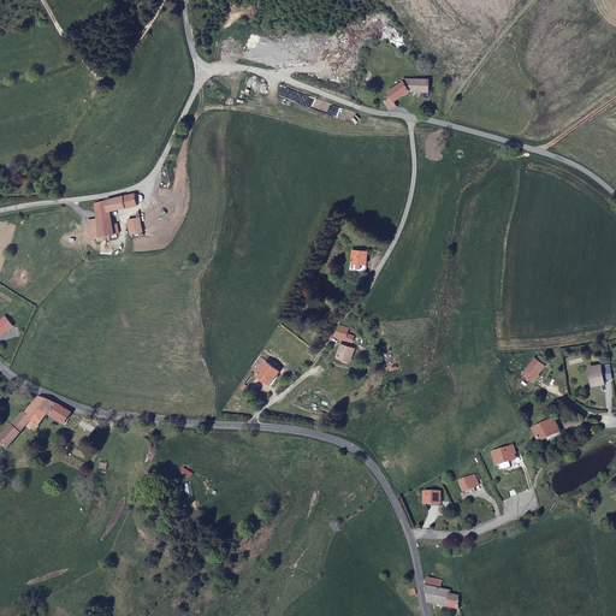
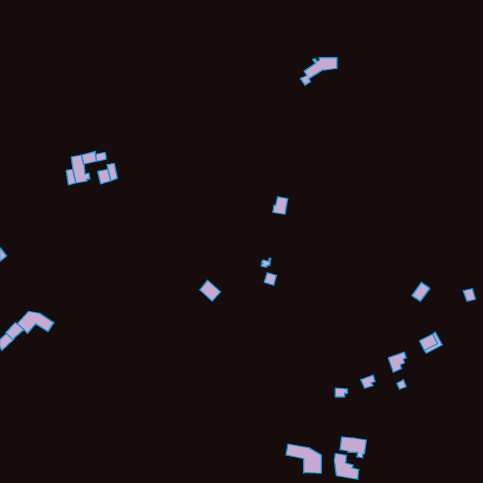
building: none -> [340,437,366,458]
building: none -> [286,444,321,473]

